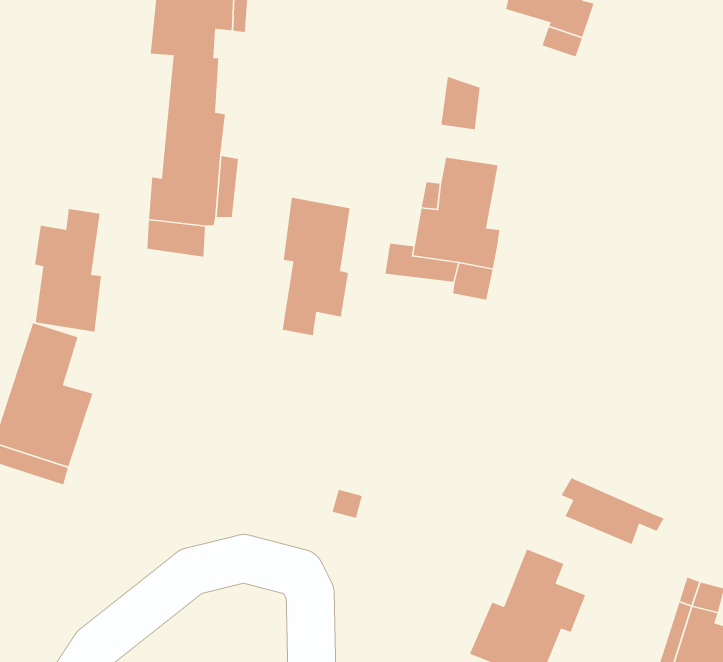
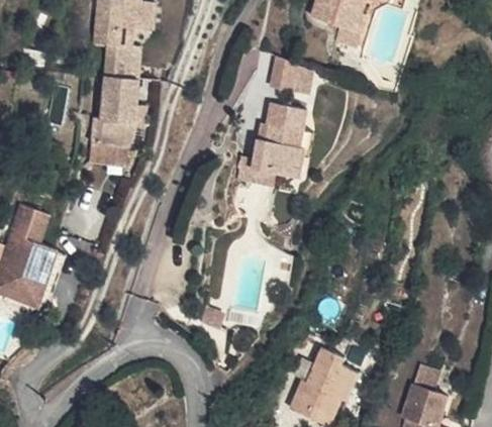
building: [282,197,350,336] -> none
building: [34,208,102,332] -> none
building: [561,477,665,545] -> none

